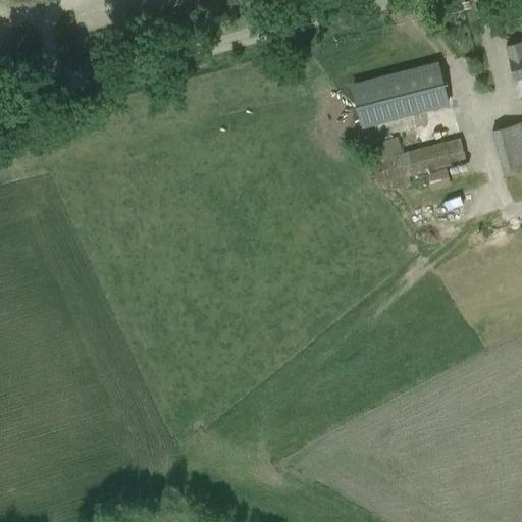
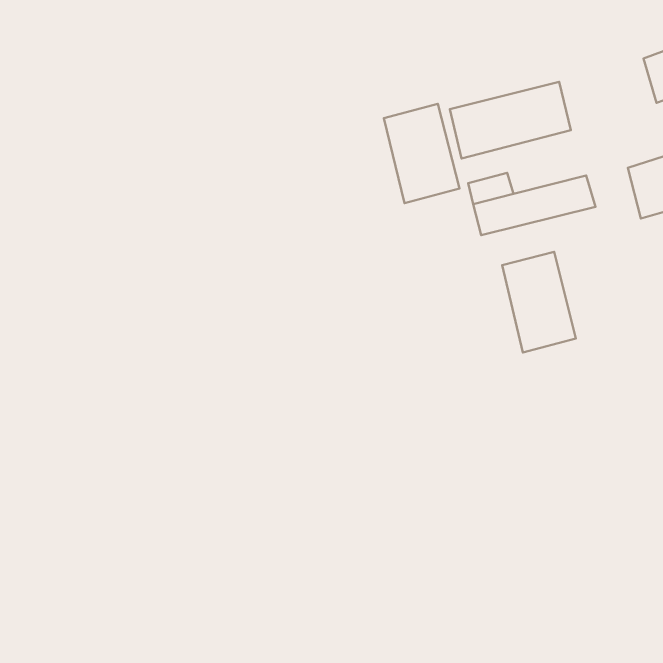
building: none -> [384,104,460,203]
building: none -> [502,252,576,352]

